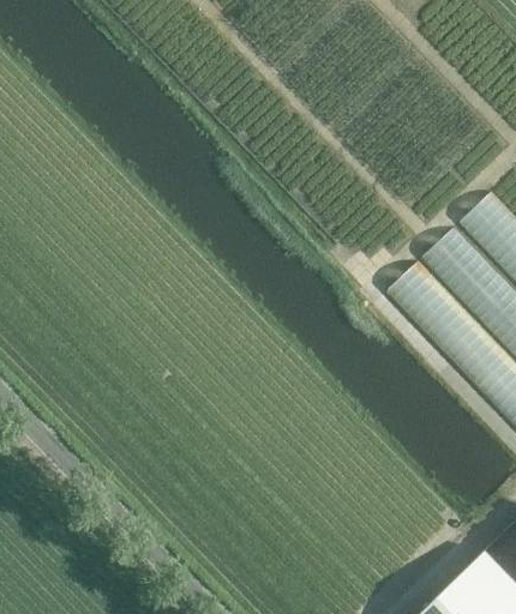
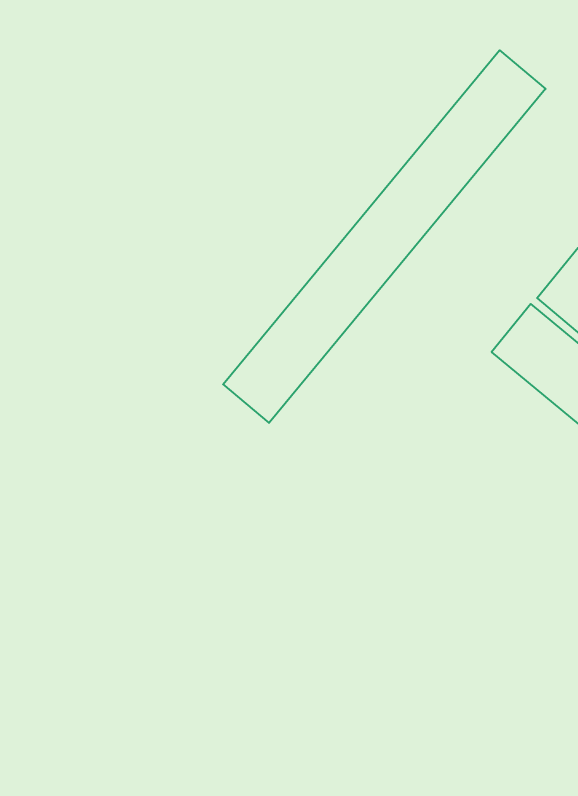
building: none -> [223,50,546,423]

